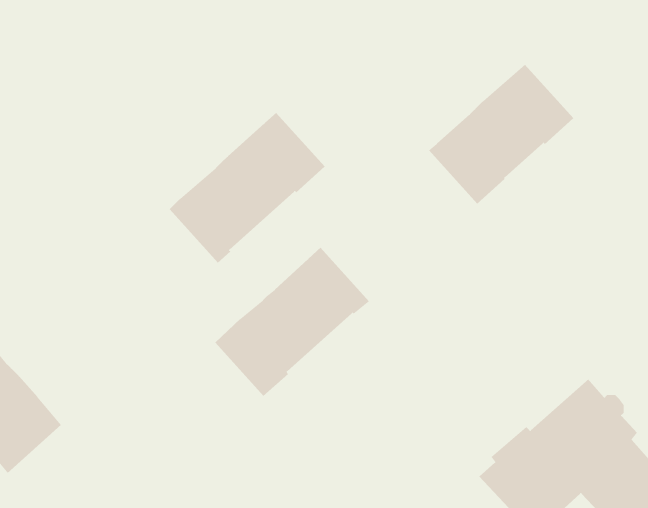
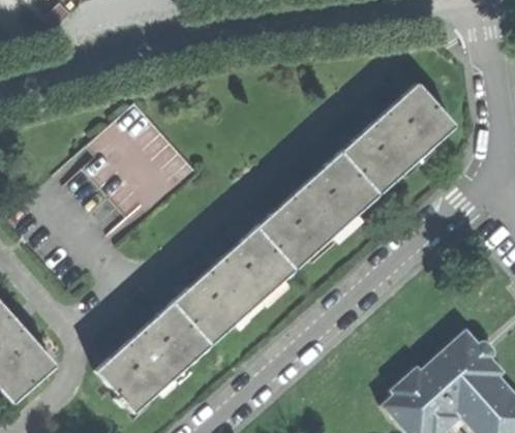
building: [169,112,325,264] -> [259,151,381,269]
building: none -> [97,301,214,413]

